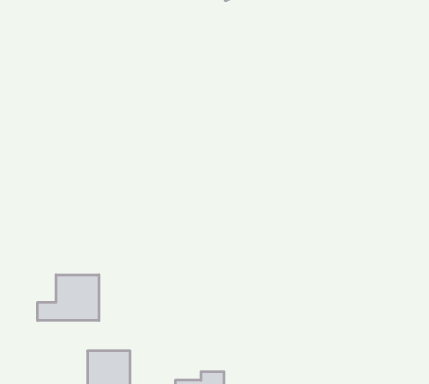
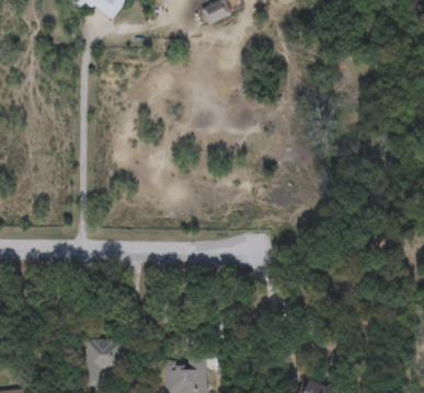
building: [38,275,99,321] -> none

